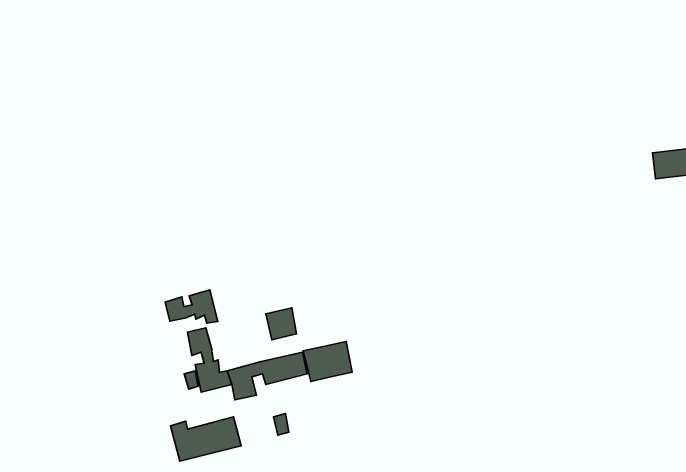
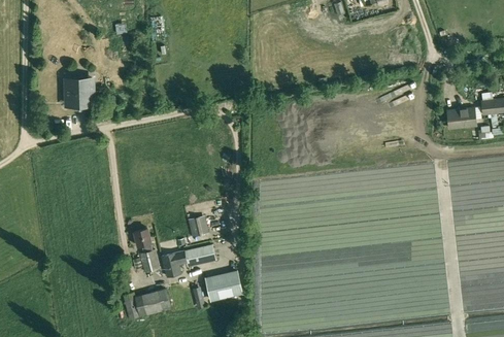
building: none -> [67,78,93,104]
building: [165,290,218,323] -> none
building: [303,342,352,381] -> [208,271,241,298]

